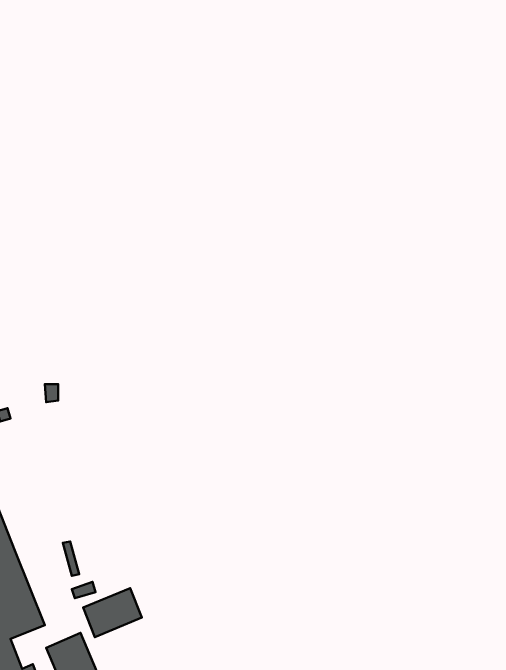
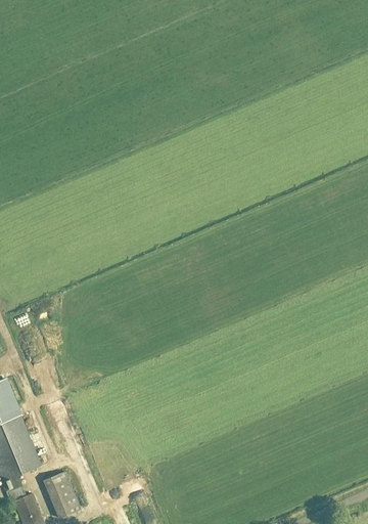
building: [83,588,142,637] -> none

